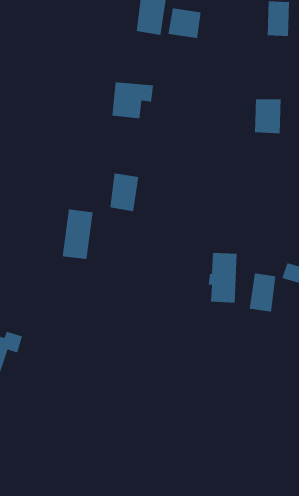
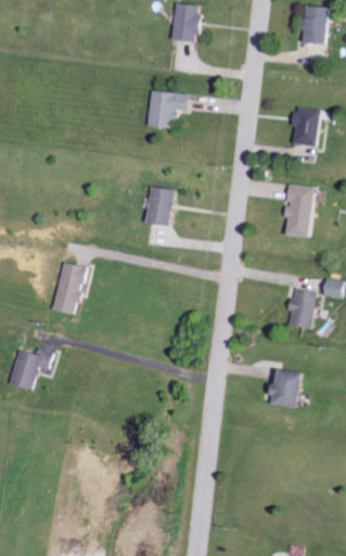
building: [168,8,201,39] -> none
building: [62,209,93,260] -> [51,262,84,314]
building: [208,252,237,303] -> [285,184,316,236]
building: none -> [269,367,300,407]

